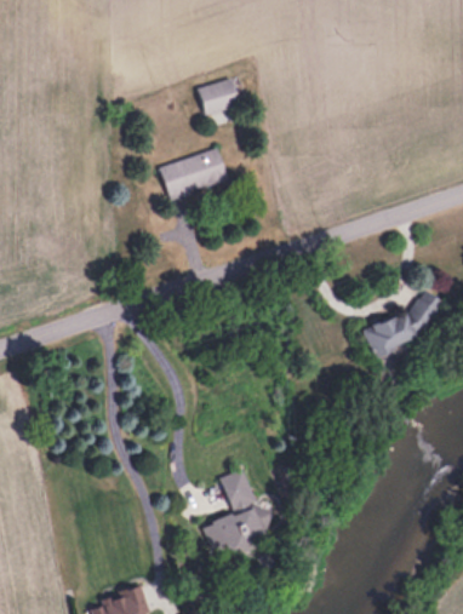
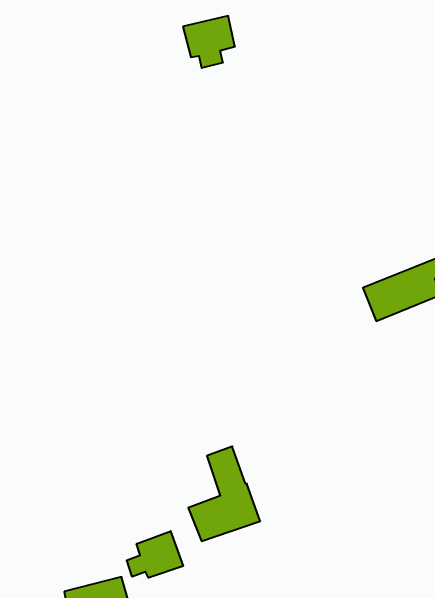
building: [159,149,228,199] -> none
building: none -> [127,531,183,578]

